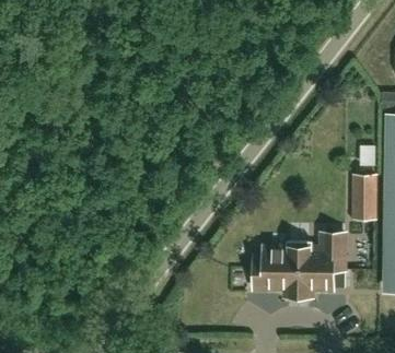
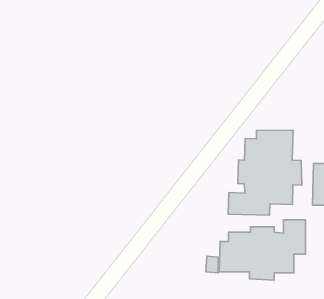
building: none -> [228,130,302,215]

